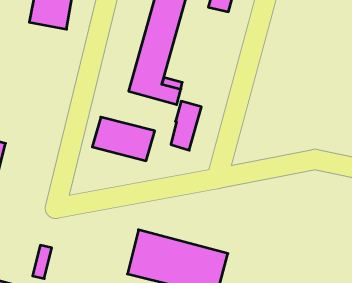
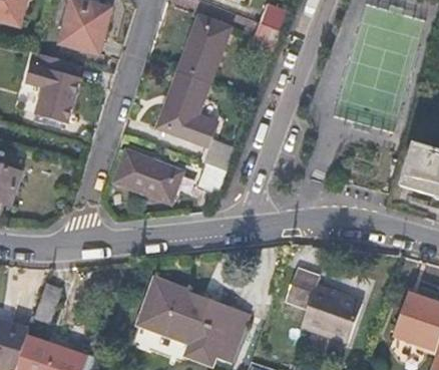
building: none -> [33,58,79,127]
building: none -> [284,264,362,341]

